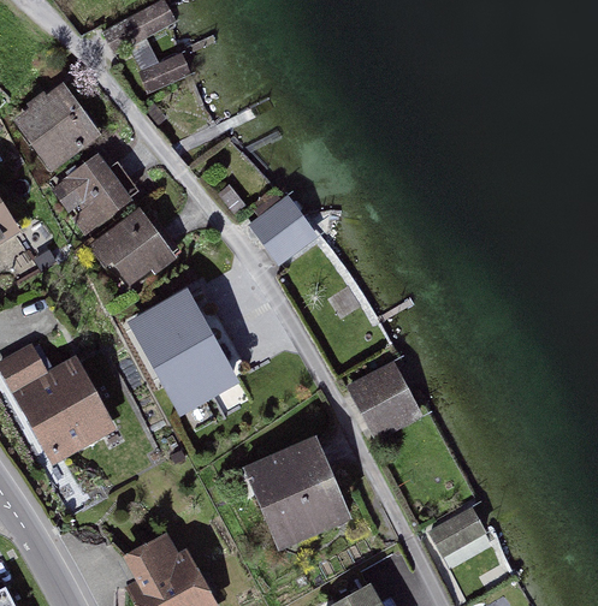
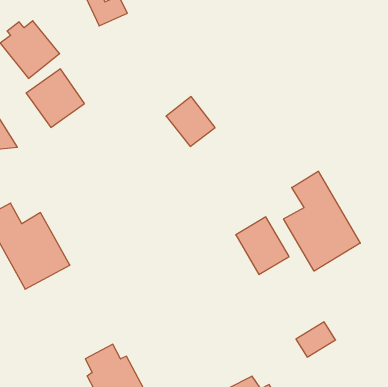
building: [89,208,176,284] -> none
building: [141,297,238,409] -> none
building: none -> [284,171,360,271]
building: [257,445,349,543] -> none

